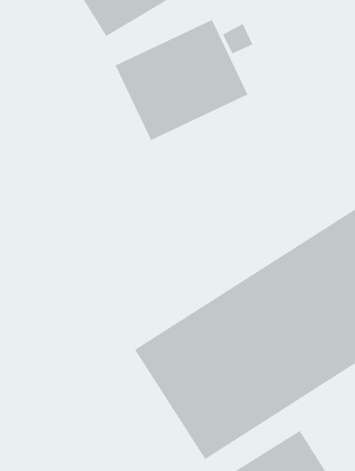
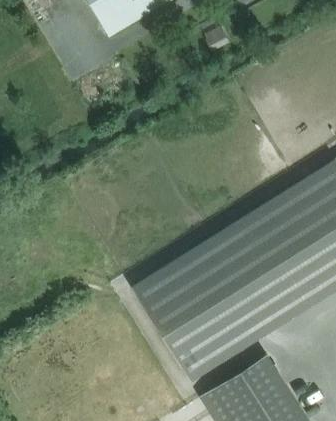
building: [115,19,248,141] -> none

